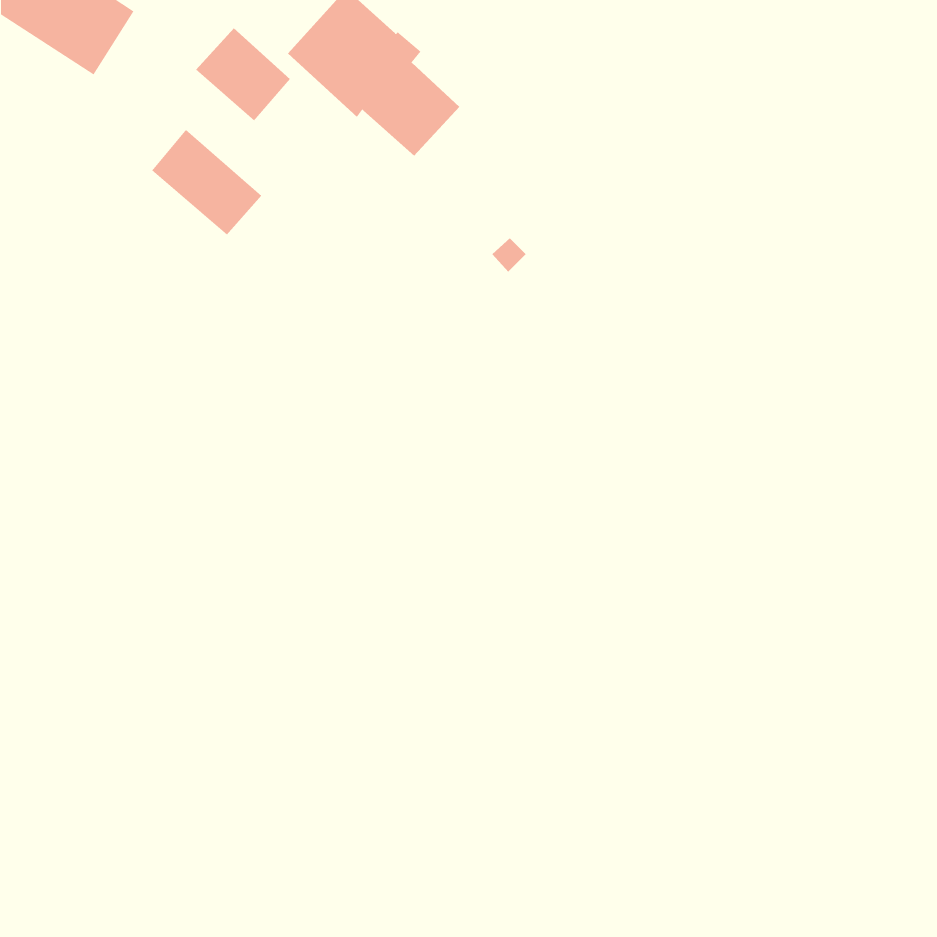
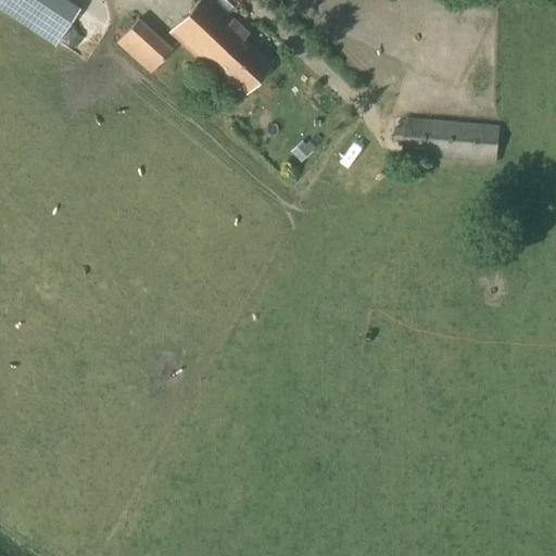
building: [151,129,262,235] -> none
building: none -> [404,116,503,163]

